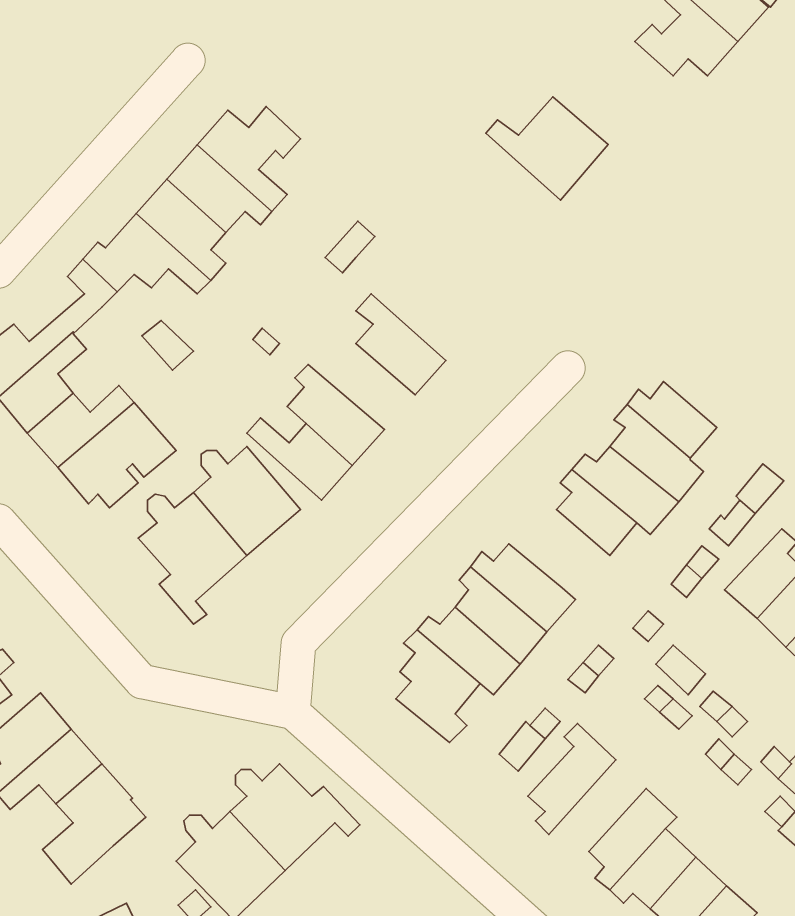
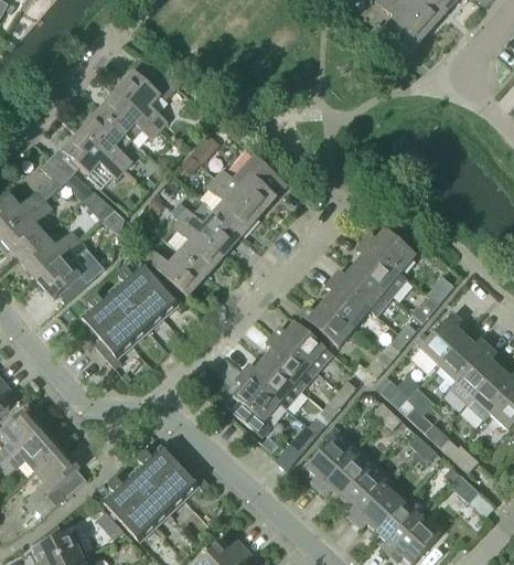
building: [486,97,608,200] -> [216,157,287,216]
building: none -> [180,203,242,256]
building: none -> [301,302,354,347]
building: none -> [319,447,375,500]

